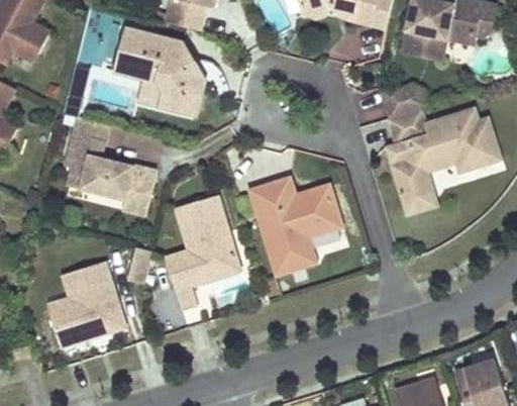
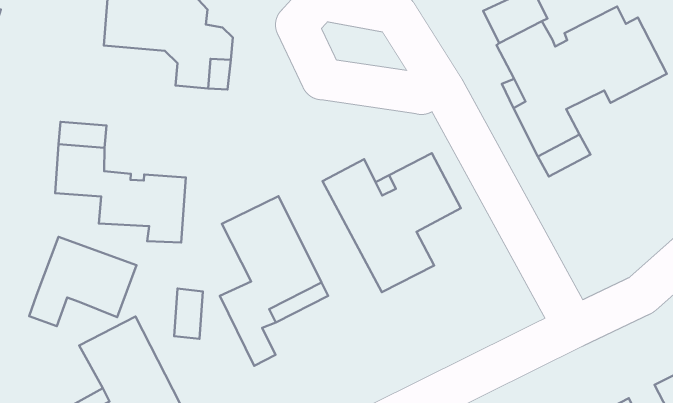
building: none -> [29,237,136,326]

